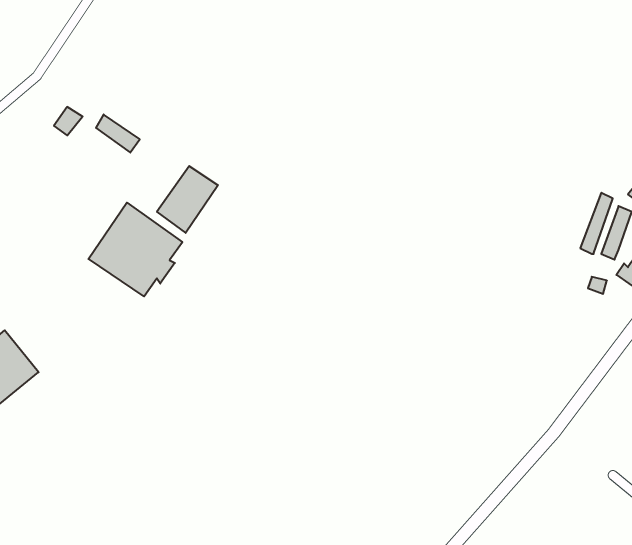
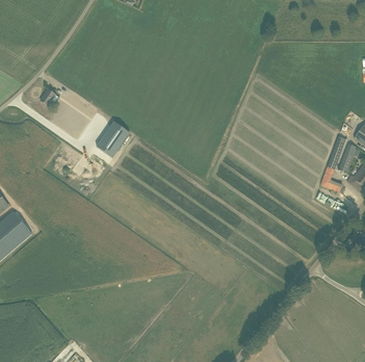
building: [88,203,182,296] -> none

